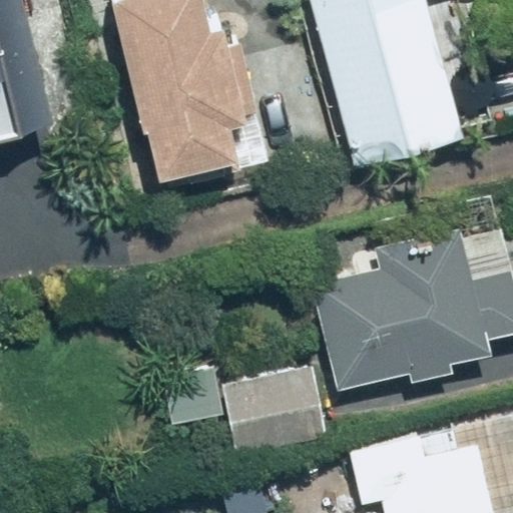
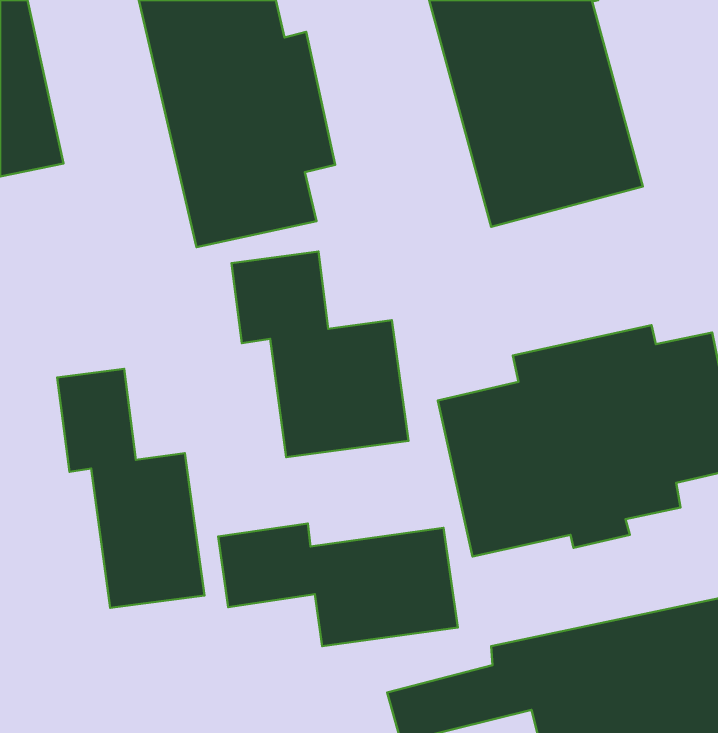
building: none -> [232,251,409,457]
building: none -> [57,369,205,608]

